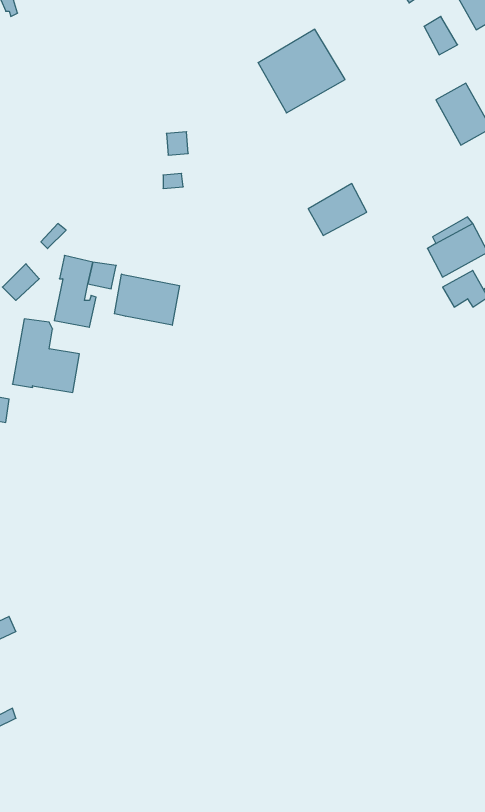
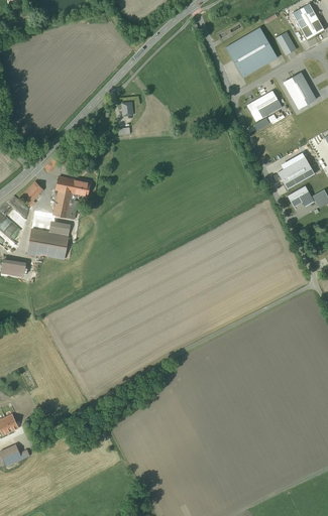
building: [258,29,345,113] -> [225,27,278,78]
building: [308,184,367,235] -> [246,91,282,122]
building: [114,274,179,325] -> none

